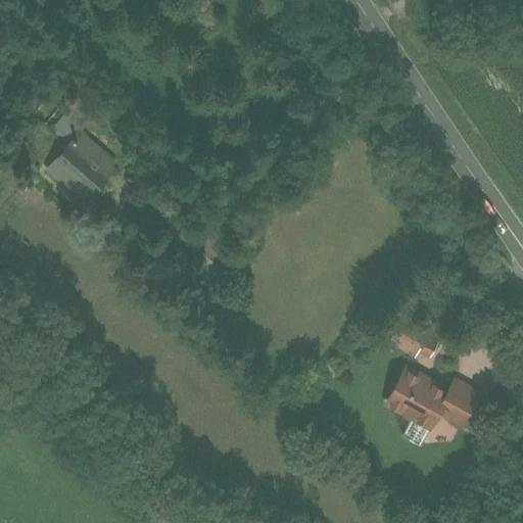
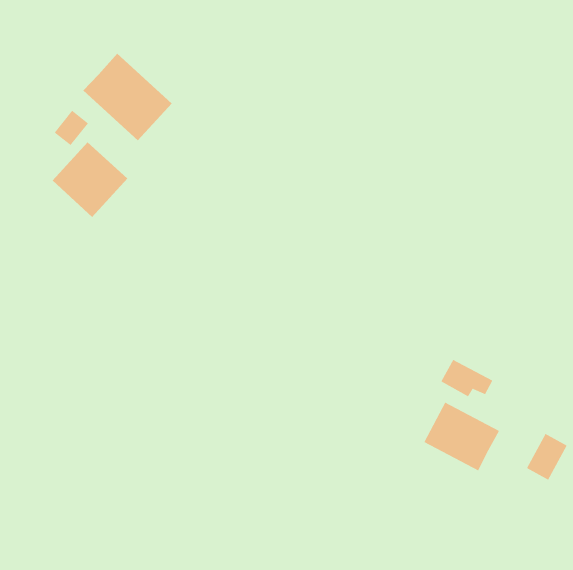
building: none -> [83,53,173,141]
building: [444,384,482,427] -> [526,433,568,480]

